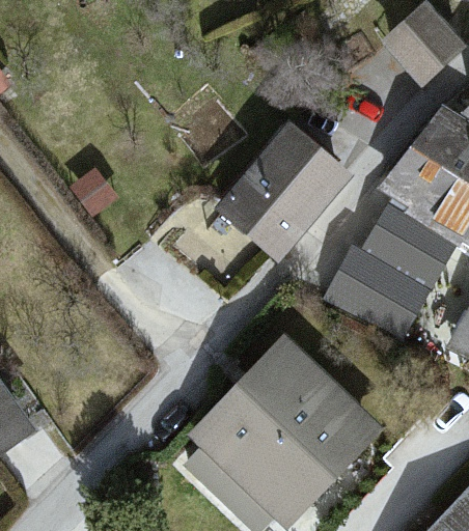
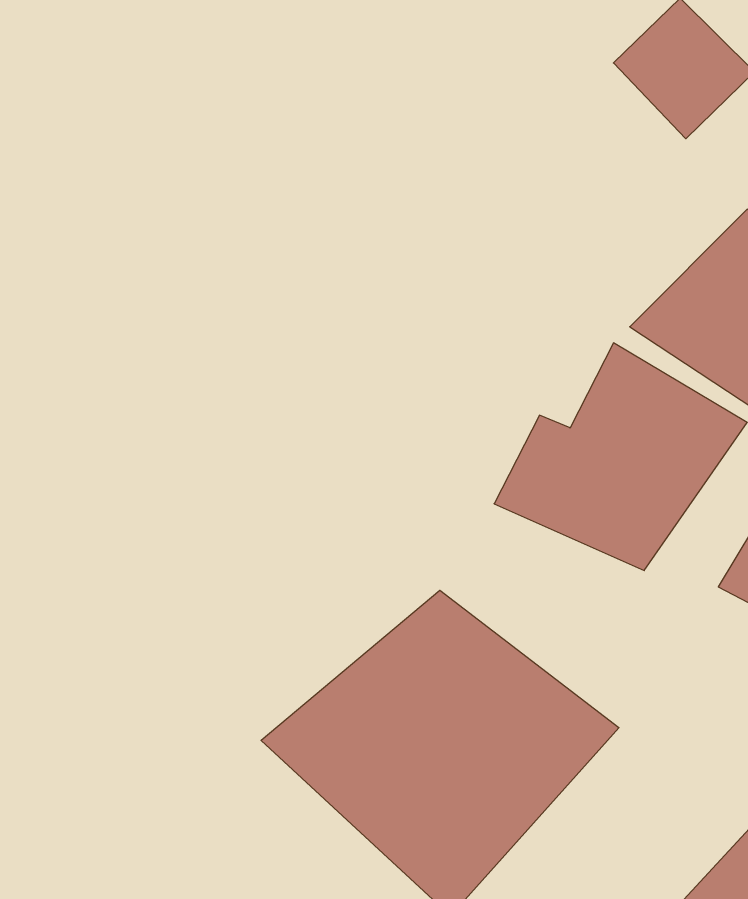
building: [215,123,351,262] -> none

